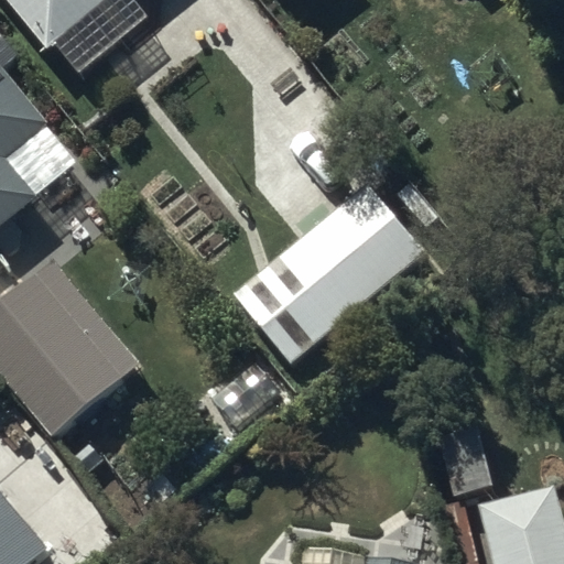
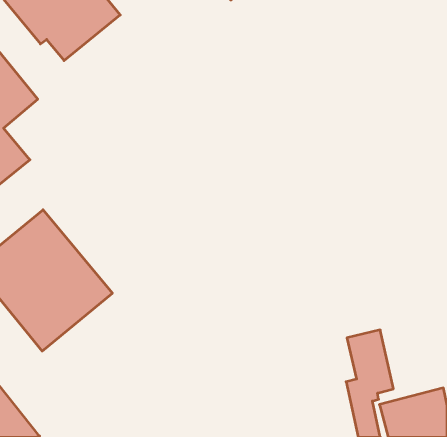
building: [231,178,426,364] -> none

